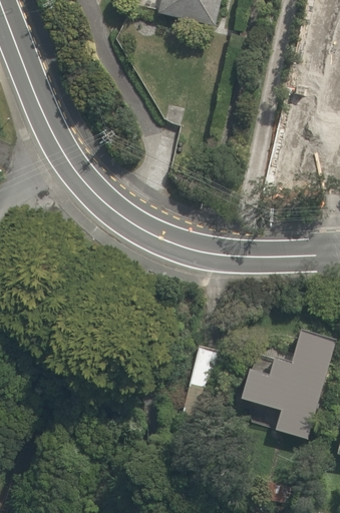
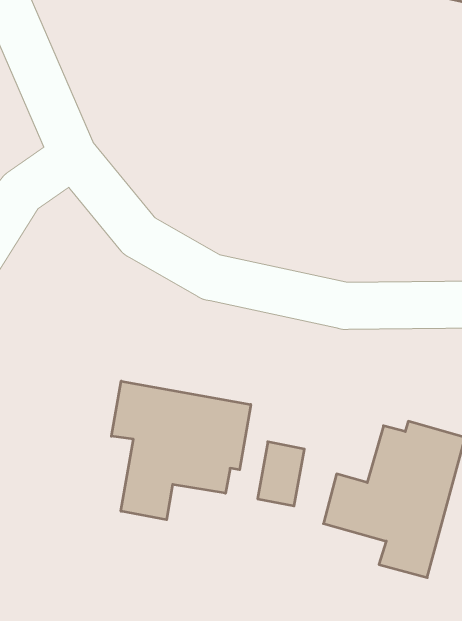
building: none -> [111,381,251,520]

